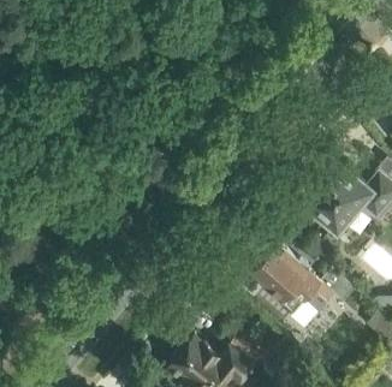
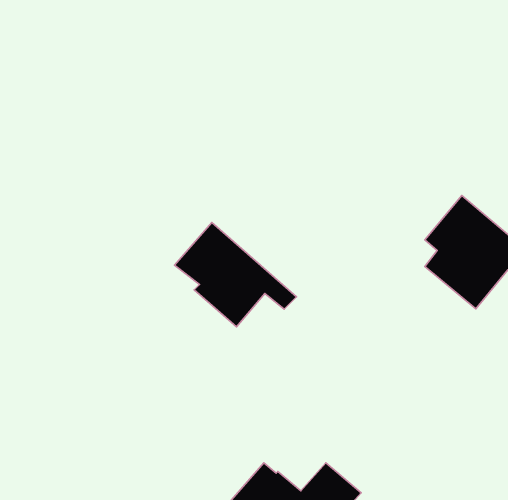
building: [253,246,335,317] -> [175,223,297,327]

